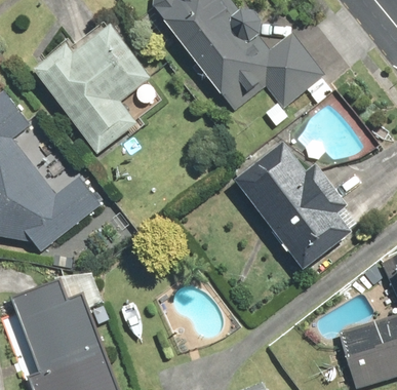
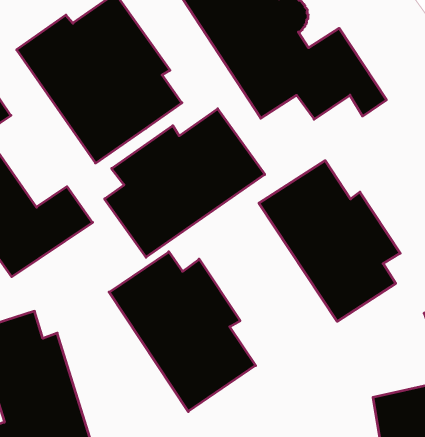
building: none -> [105,109,265,257]
building: none -> [109,252,256,412]

